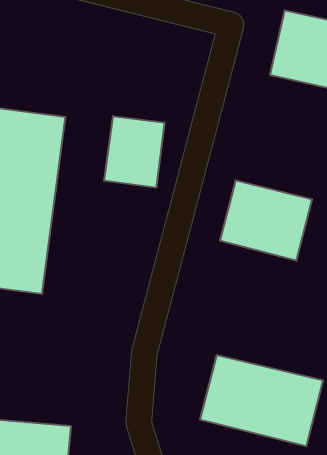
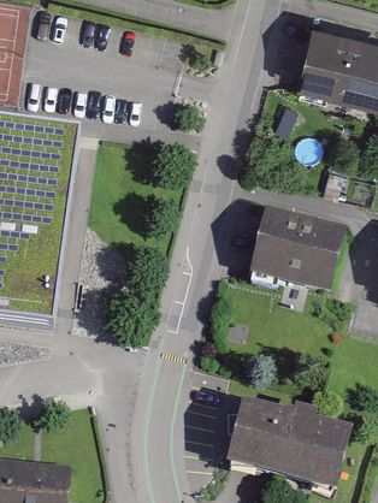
building: [104,116,164,188] -> none

